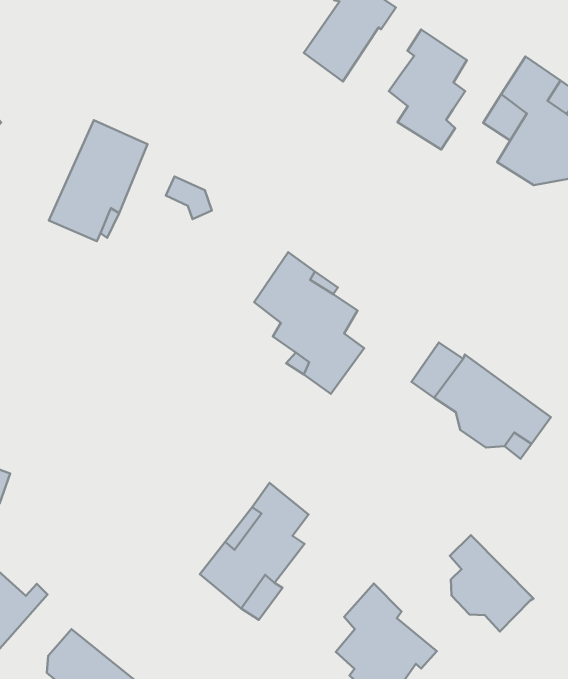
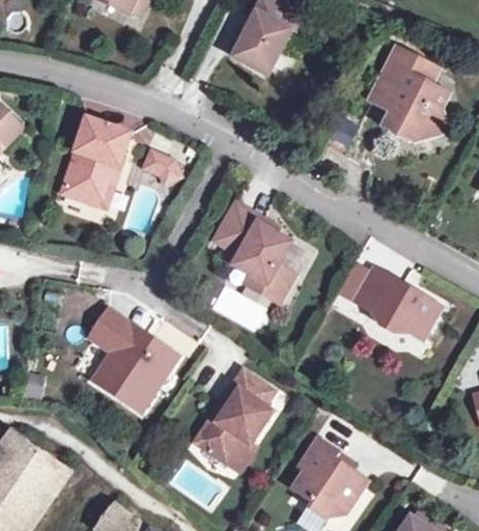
building: [389,29,467,150] -> none
building: none -> [88,308,177,411]
building: [450,535,534,631] -> none

